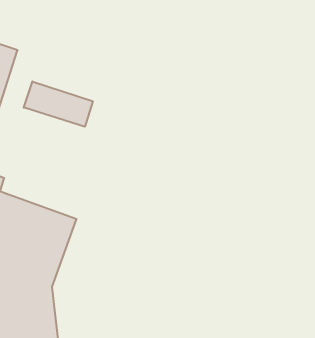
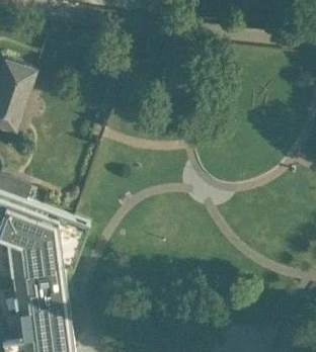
building: [24,81,93,127] -> none

